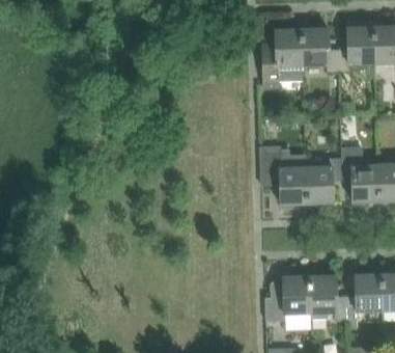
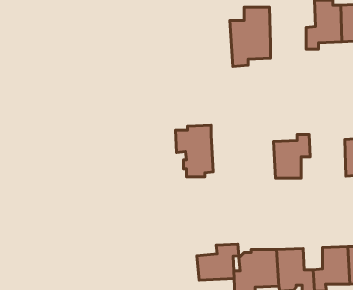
building: [302,28,339,73] -> none
building: [270,156,308,209] -> [175,125,213,177]
building: [342,158,379,202] -> none
building: none -> [197,244,239,280]

